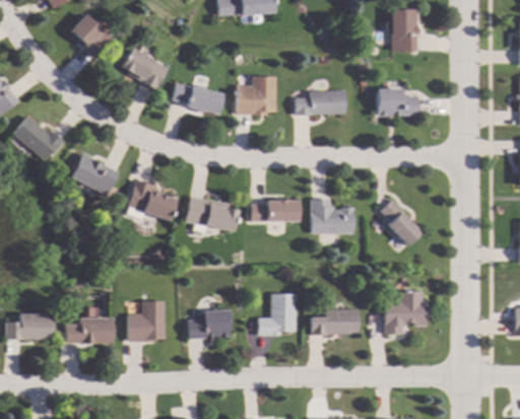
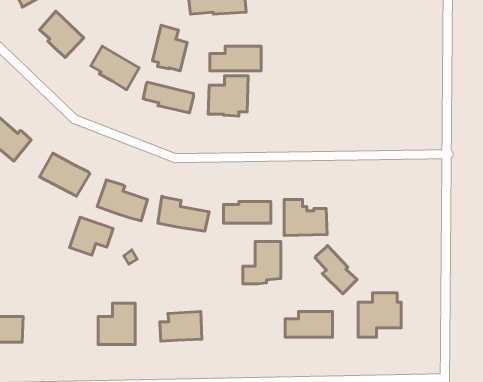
building: [387,8,418,50] -> none
building: none -> [153,25,187,71]
building: [377,88,419,116] -> none
building: [295,89,345,114] -> [210,46,261,71]
building: [381,198,422,246] -> [315,246,357,294]
building: none -> [70,217,113,255]
building: [259,293,297,335] -> [243,242,281,284]
building: [66,318,114,343] -> none

